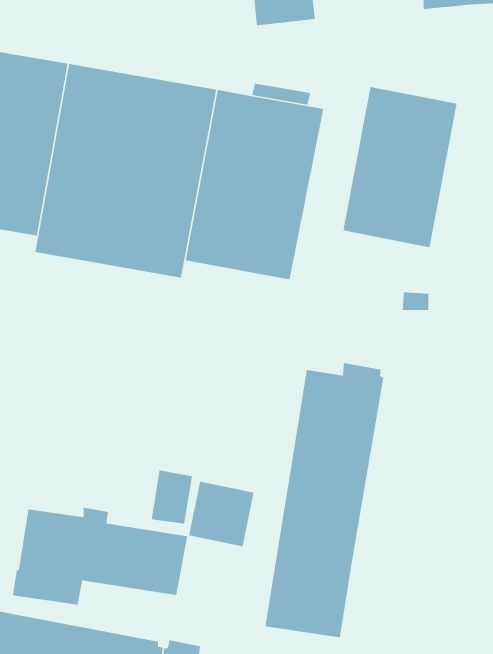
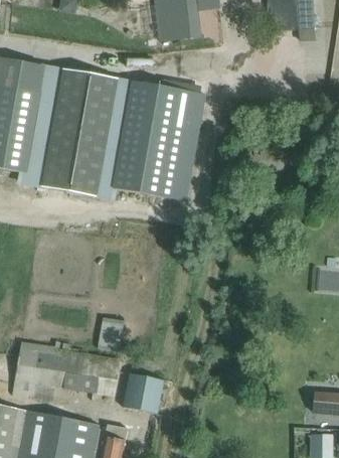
building: [342,86,458,248] -> none
building: [264,362,384,638] -> none
building: [188,481,254,547] -> [124,372,165,414]

